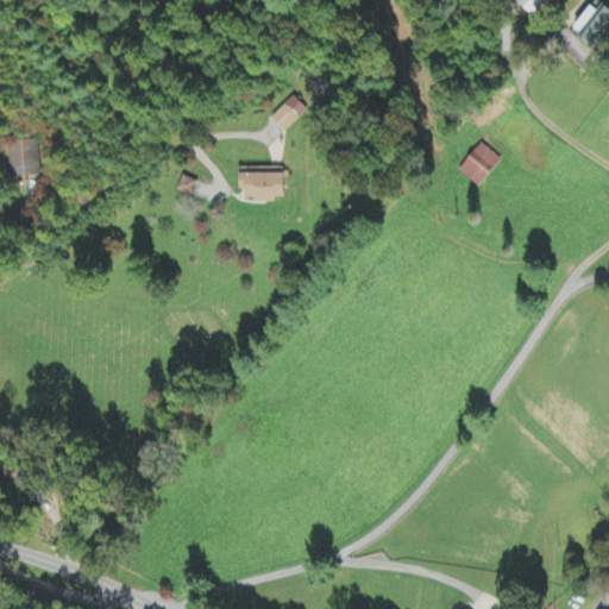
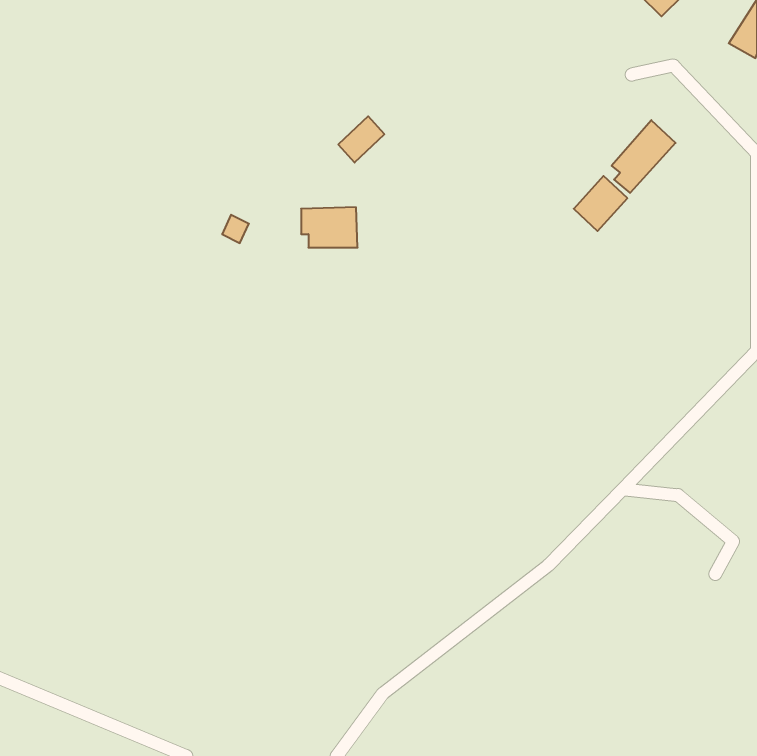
building: none -> [612,120,676,193]
building: [6,138,36,174] -> none

